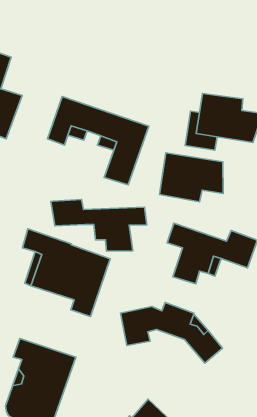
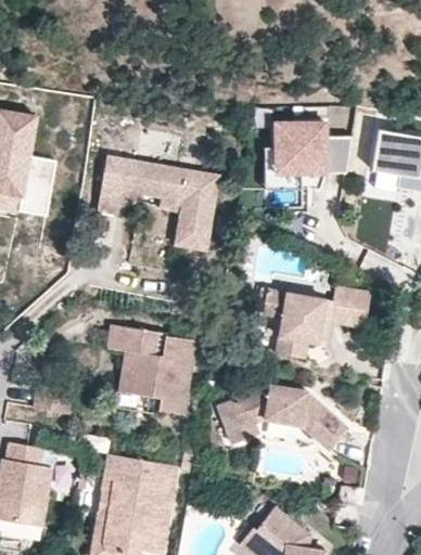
building: [159,153,223,202] -> none
building: [51,199,147,251] -> none

